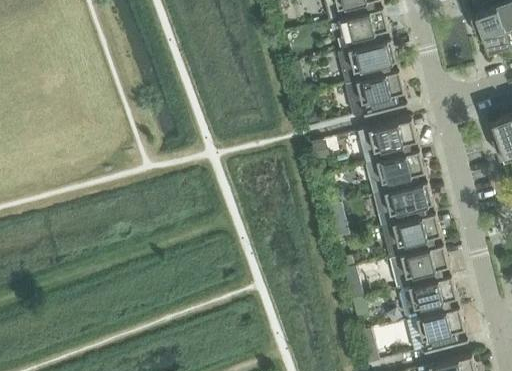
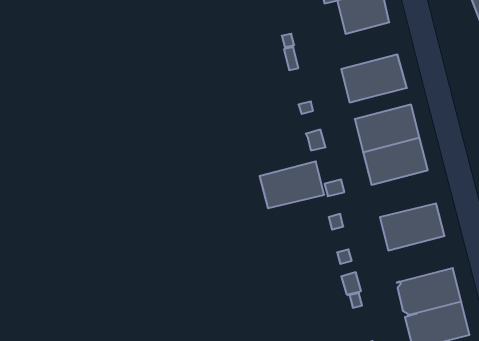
building: [337,40,399,85] -> none
building: [374,182,436,227] -> [260,161,324,208]
building: [390,245,452,290] -> none

